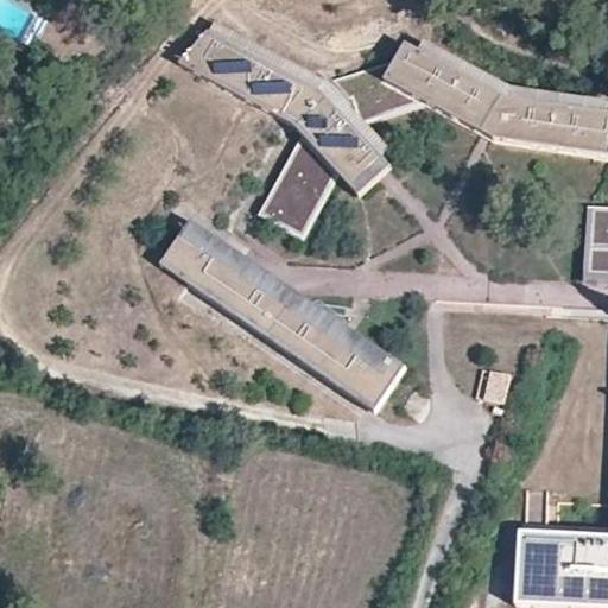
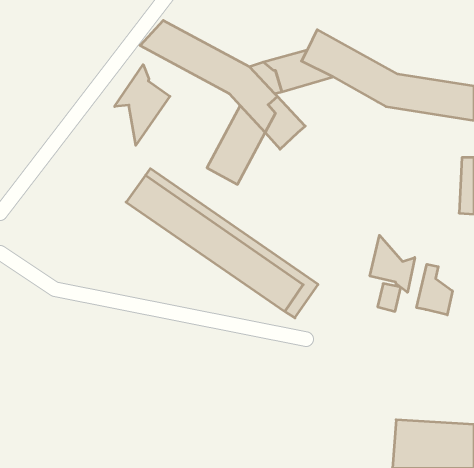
building: none -> [115,65,170,145]
building: none -> [370,235,415,292]
building: none -> [417,264,452,315]

